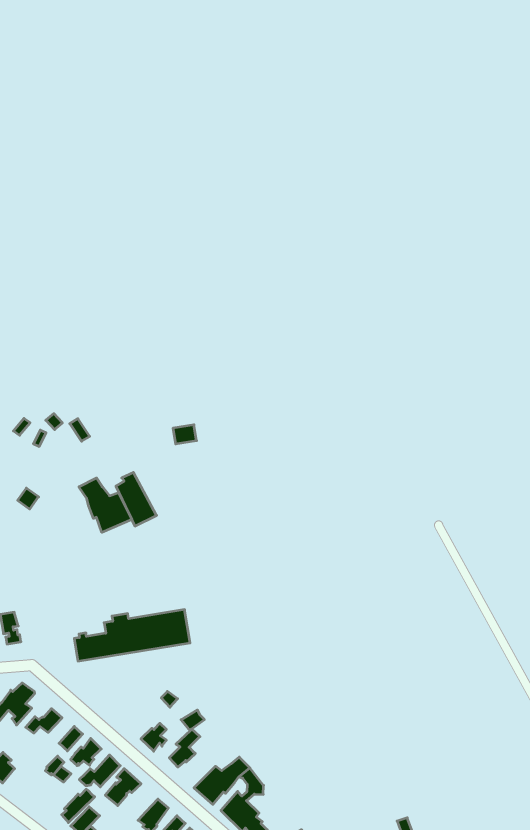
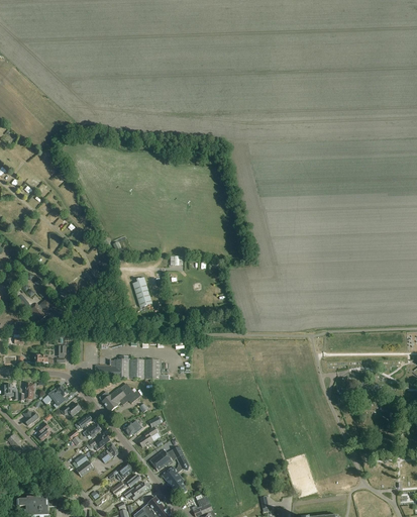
building: [79,478,132,532] -> none
building: none -> [99,384,139,412]

